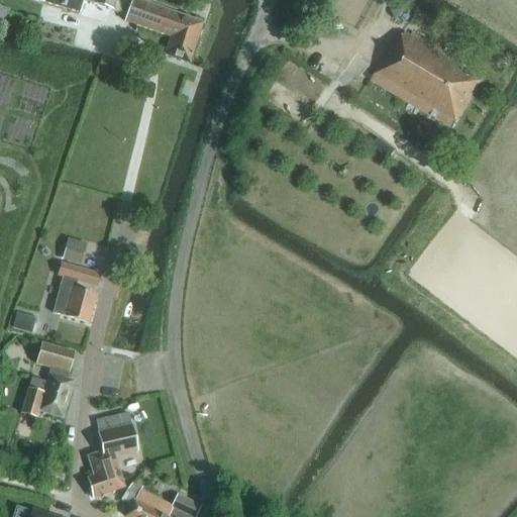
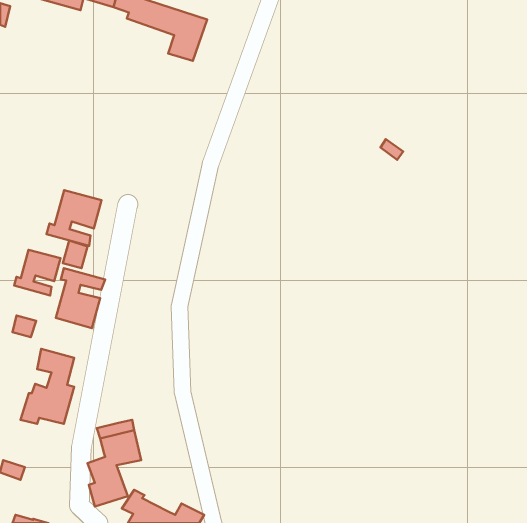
building: [371,30,482,126] -> none
building: none -> [46,190,102,246]
building: none -> [14,250,60,295]

